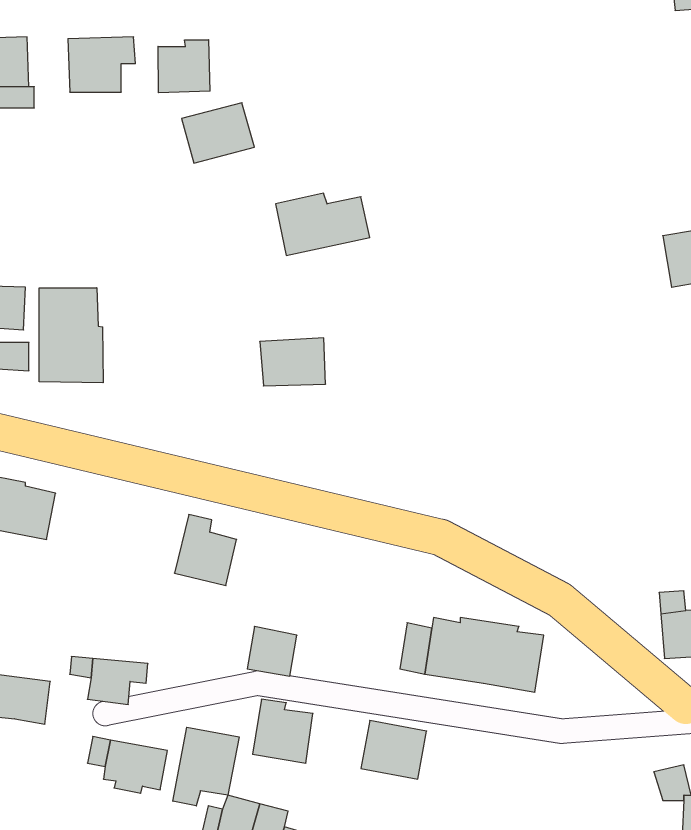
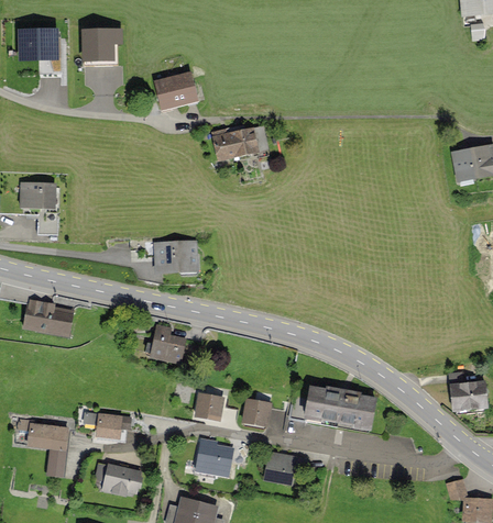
building: [158,40,210,93] -> none
building: [39,288,103,383] -> none
building: [260,338,326,386] -> [156,242,197,271]
building: none -> [241,398,272,427]
building: none -> [46,449,68,477]
building: [173,727,239,806] -> none

